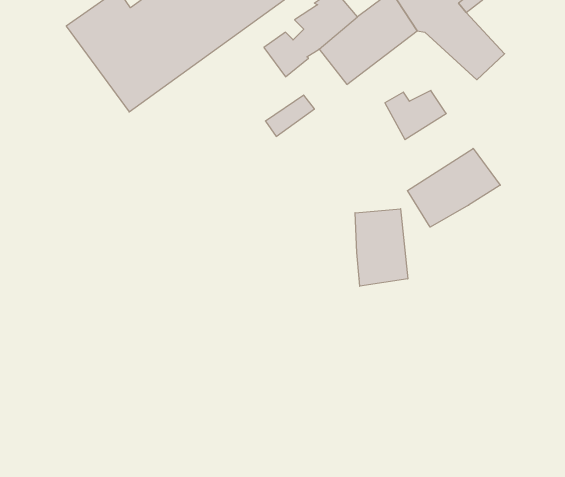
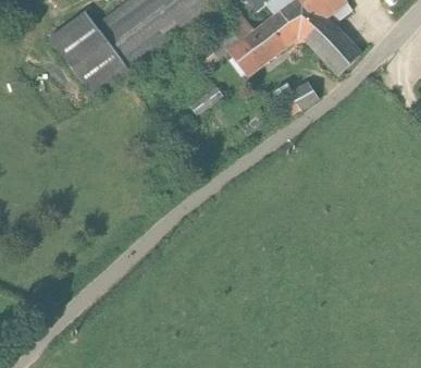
building: [407,148,500,227] -> none
building: [355,209,408,286] -> none

